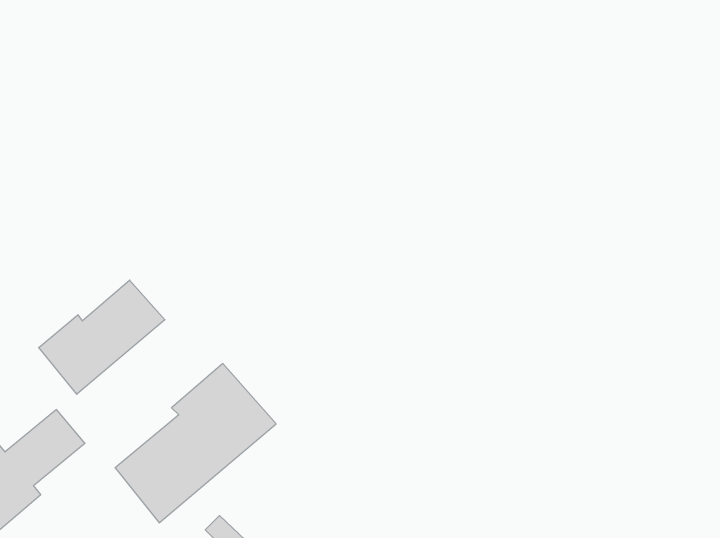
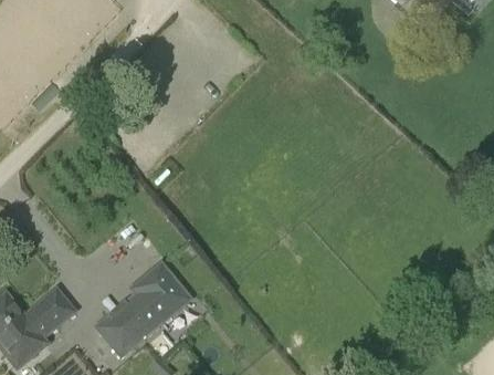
building: [39,280,165,394] -> none

